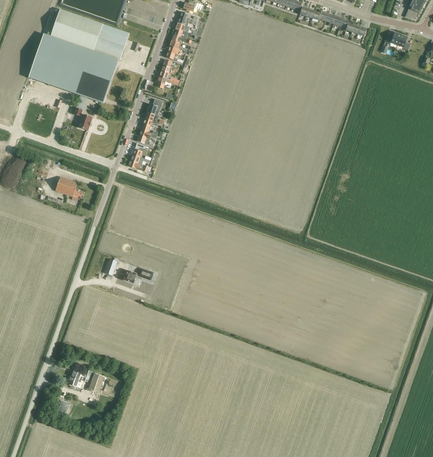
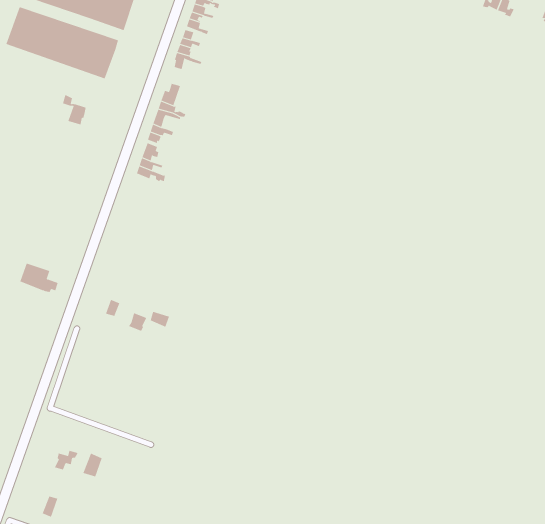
building: [53,177,82,199] -> [19,263,58,292]

